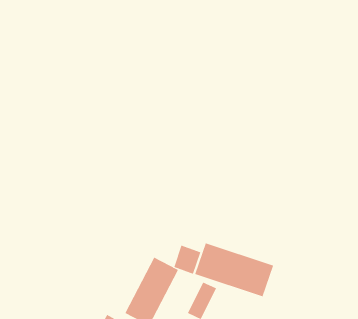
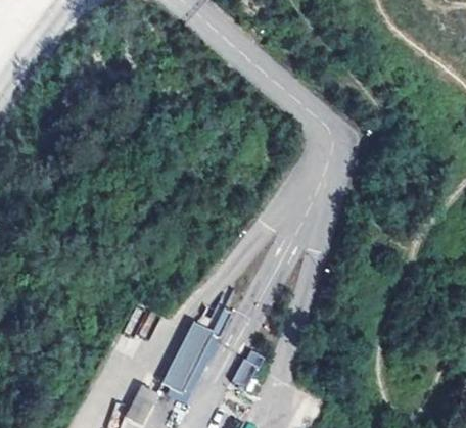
building: [195,242,274,297] -> none

